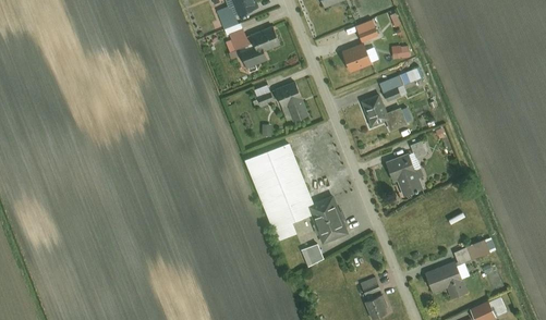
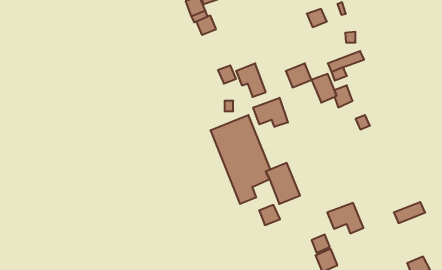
building: [240,24,279,66] -> none
building: [341,44,371,71] -> [286,63,312,87]
building: none -> [253,98,288,127]
building: [385,152,422,196] -> none
building: [425,261,466,296] -> [327,203,364,233]

